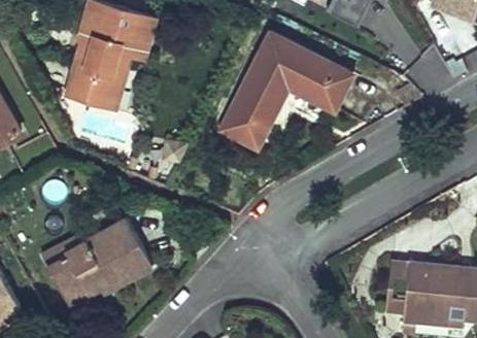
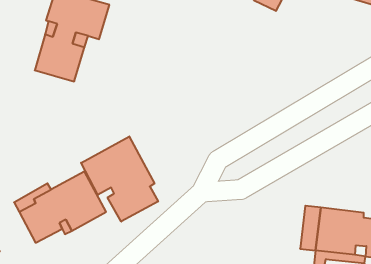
building: [219,34,353,150] -> none
building: none -> [81,136,158,222]

